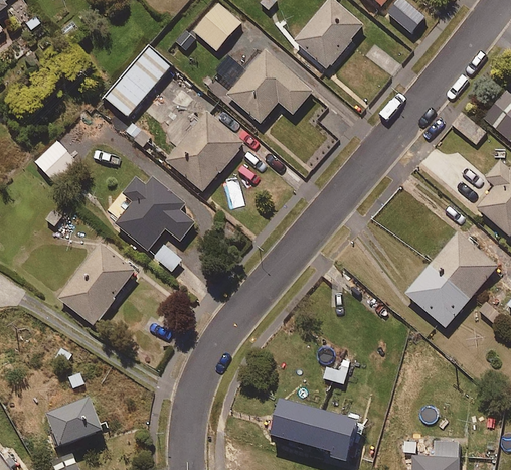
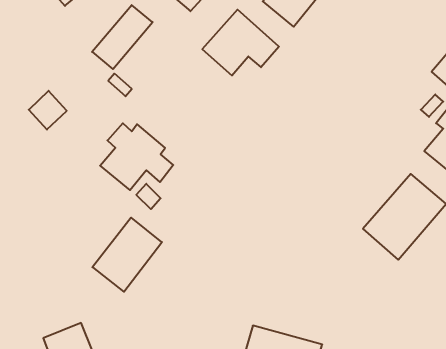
building: [164,110,243,191] -> none
building: [57,243,135,325] -> [92,218,162,292]

